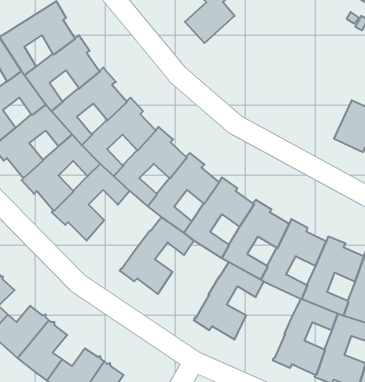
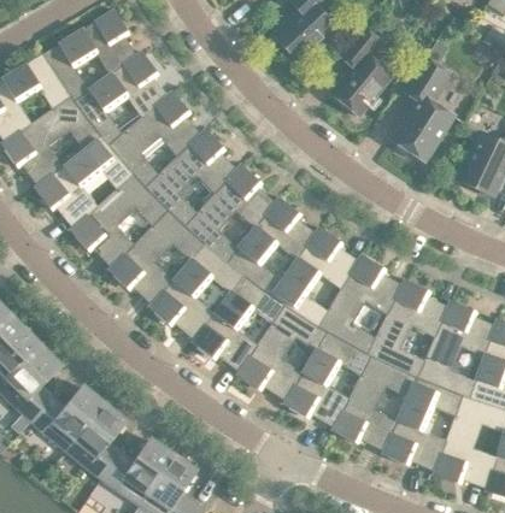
building: none -> [331,25,394,116]
building: none -> [393,57,454,160]
building: none -> [149,243,245,340]
building: none -> [237,305,328,401]
building: none -> [333,355,417,450]

